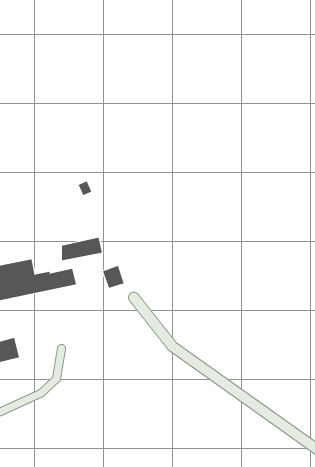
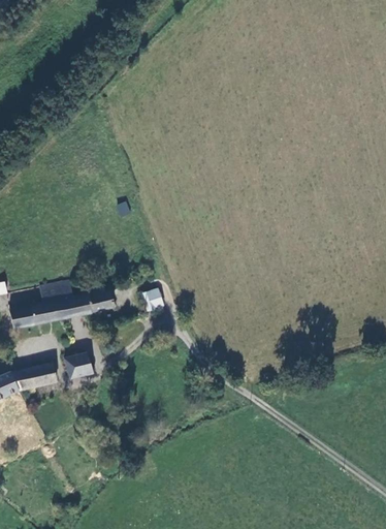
building: [61,237,102,261] -> none
building: none -> [66,353,93,377]

